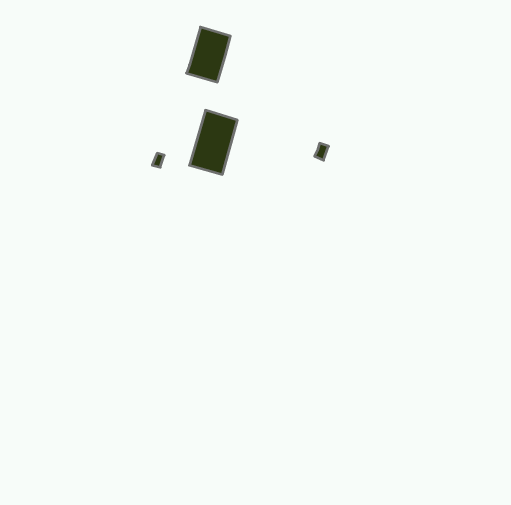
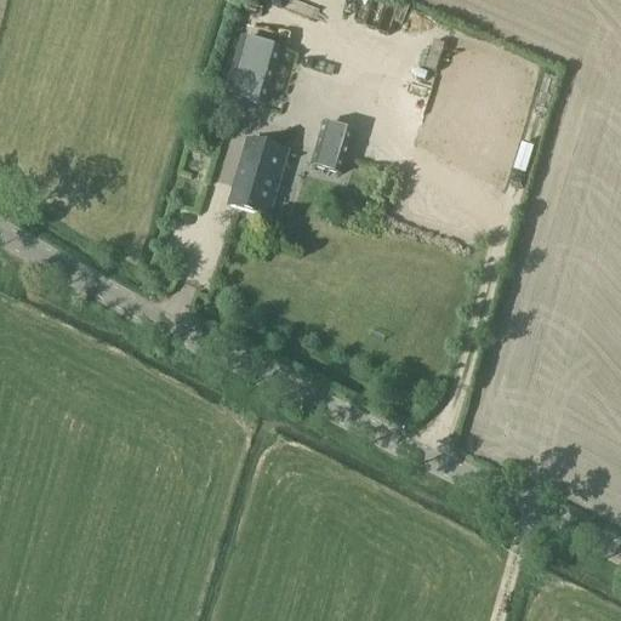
building: none -> [312,119,352,169]

